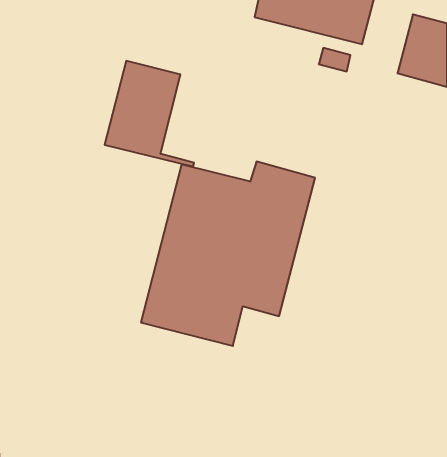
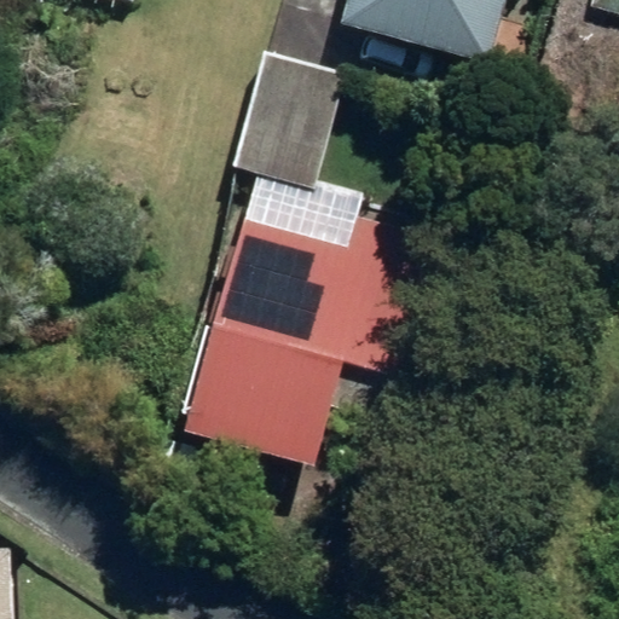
building: [105,61,194,167] -> [236,56,355,197]

